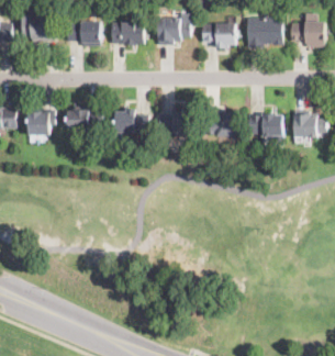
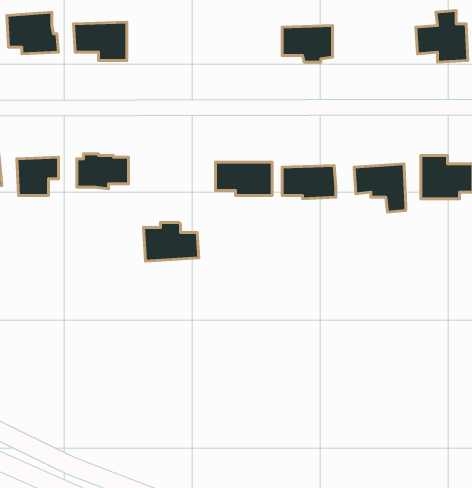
building: [157,14,190,45] -> none
building: [246,18,282,48] -> none
building: [111,23,145,45] -> none
building: [114,109,150,134] -> [144,223,199,261]

